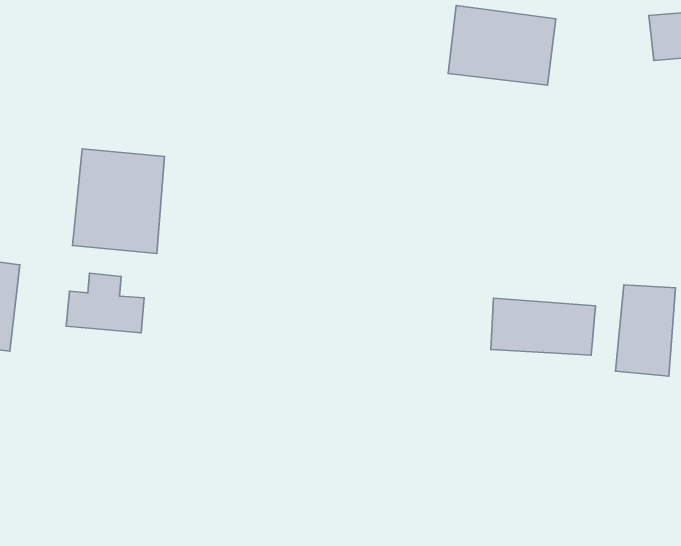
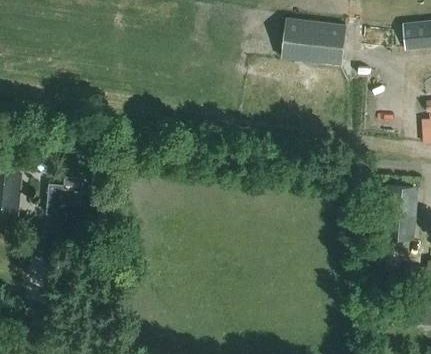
building: [72,149,165,253] -> none
building: [491,298,596,355] -> none

